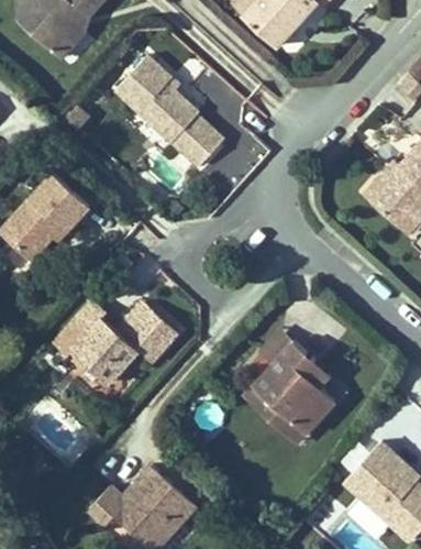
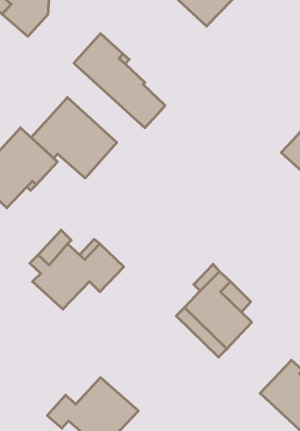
building: none -> [31,97,117,178]

